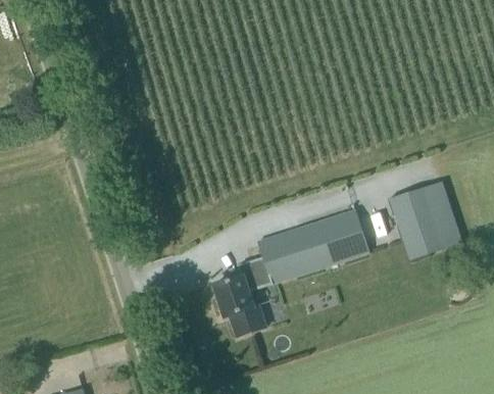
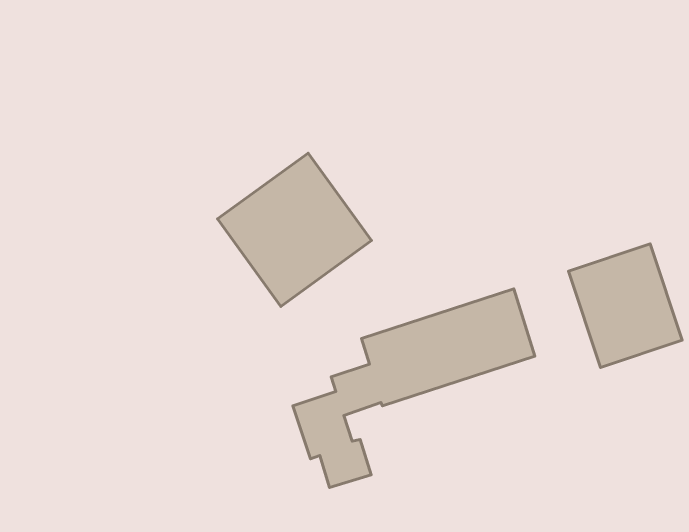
building: none -> [217,153,372,306]

